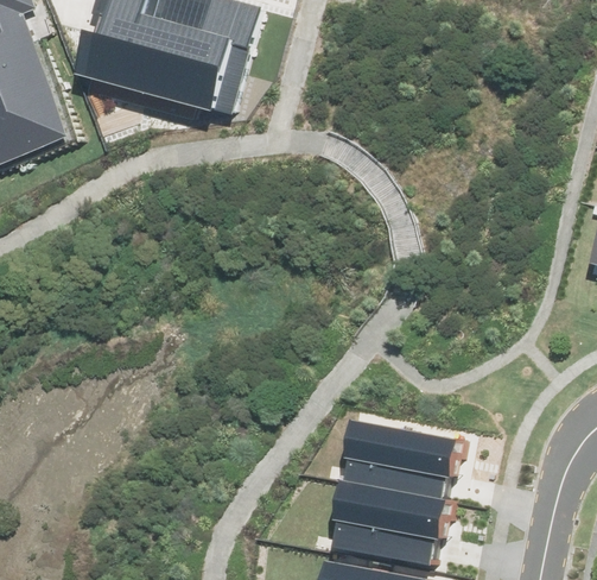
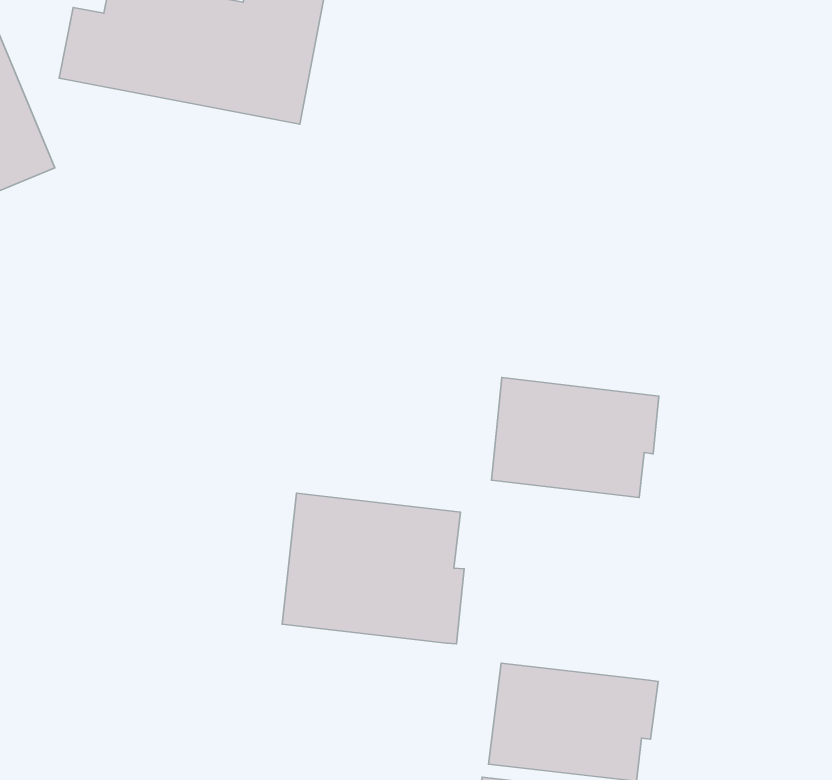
building: none -> [282,493,464,644]
building: [344,412,458,497] -> [491,378,659,497]

